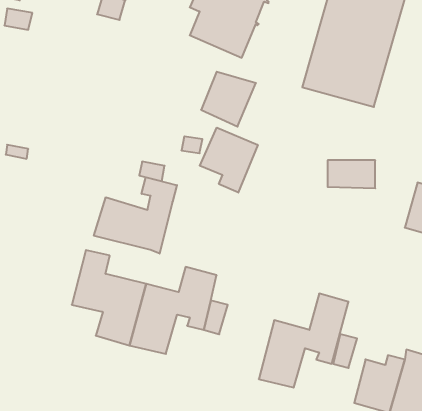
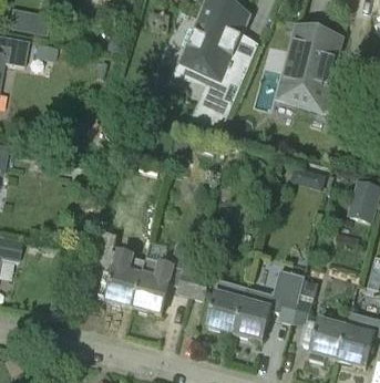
building: [200,128,258,193] -> none
building: [94,177,177,254] -> none
building: none -> [206,281,246,334]

